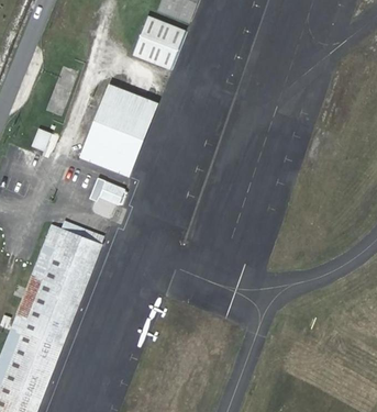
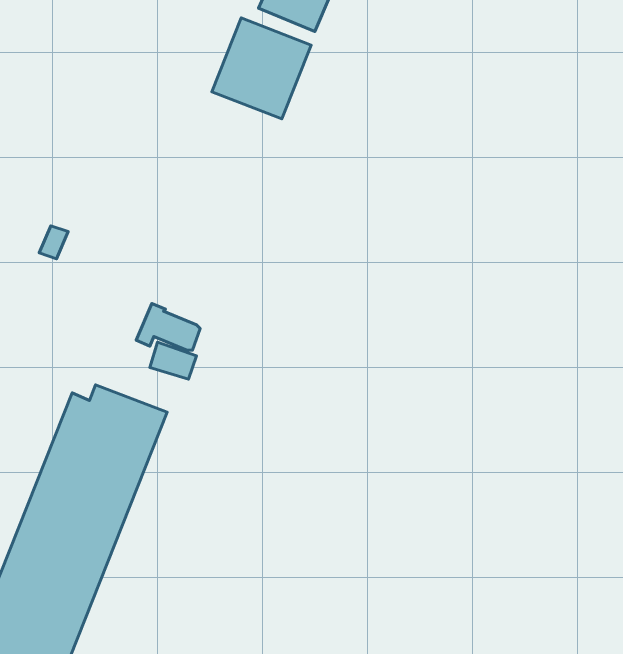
building: [79,83,157,177] -> none

